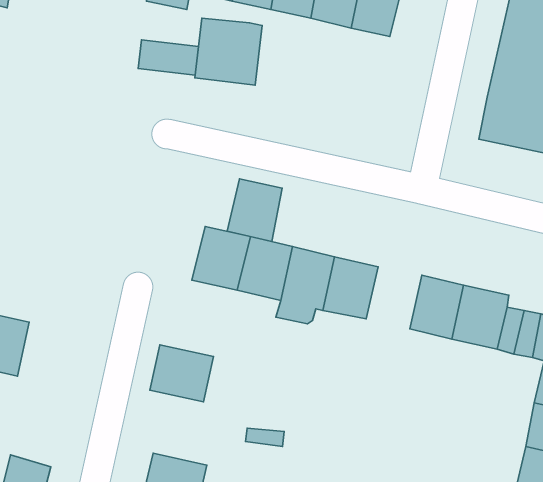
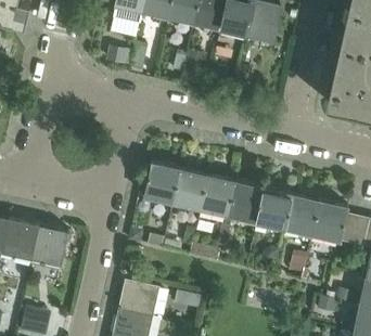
building: [195,18,262,85] -> none
building: [227,179,282,241] -> none
building: none -> [256,190,292,230]
building: none -> [30,225,68,268]
building: [150,345,214,402] -> [118,281,159,318]

